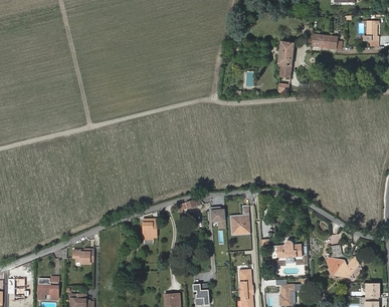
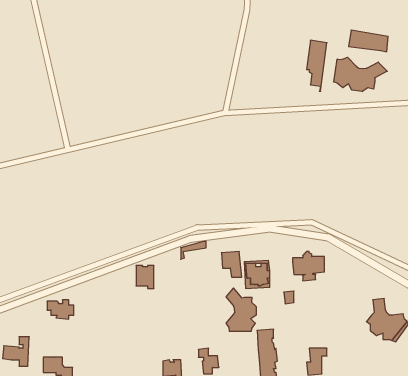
building: none -> [334,57,387,92]
building: none -> [226,288,256,331]
building: [275,240,301,263] -> [293,252,324,281]

